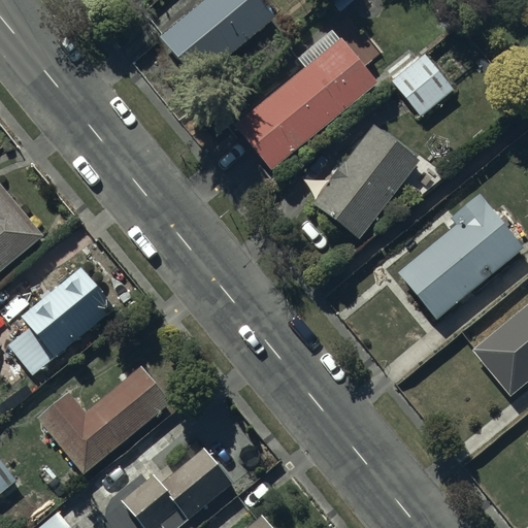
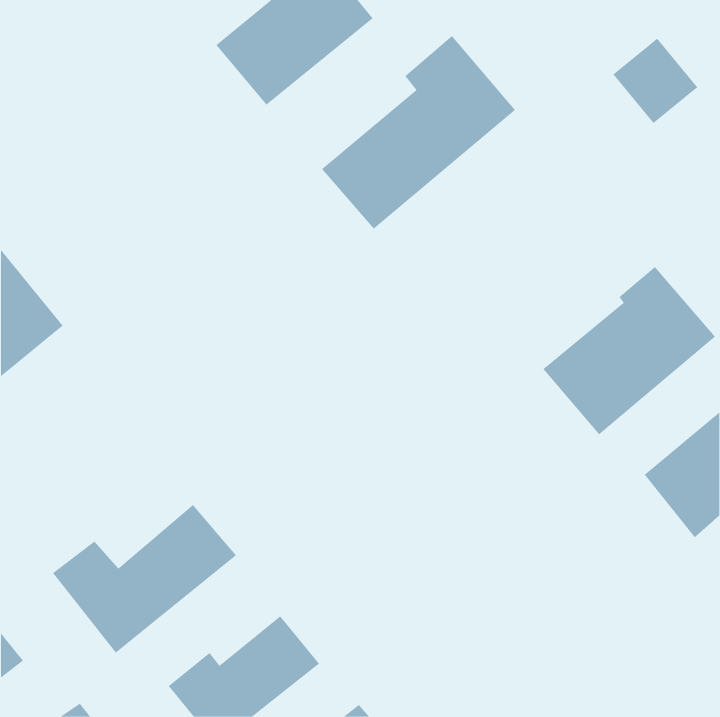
building: [390,52,453,114] -> [612,38,698,124]
building: [311,121,420,236] -> none
building: [8,269,116,378] -> none

